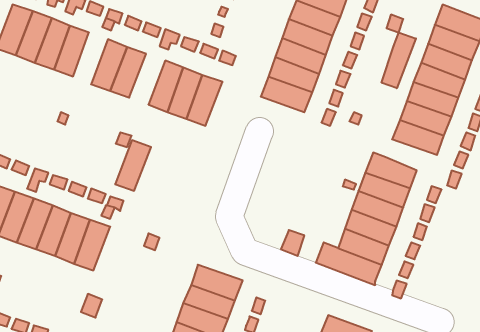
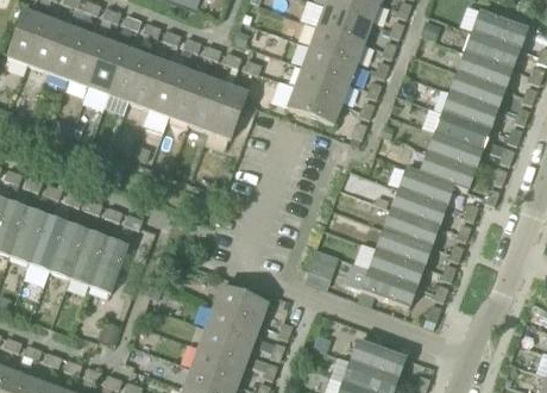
building: [382,33,416,88] -> none
building: none -> [89,39,126,94]
building: none -> [420,152,474,191]
building: [115,140,151,191] -> [149,62,187,116]

